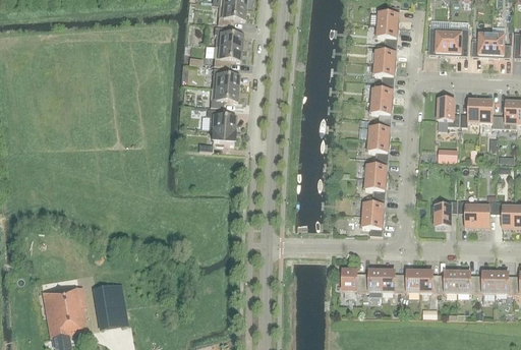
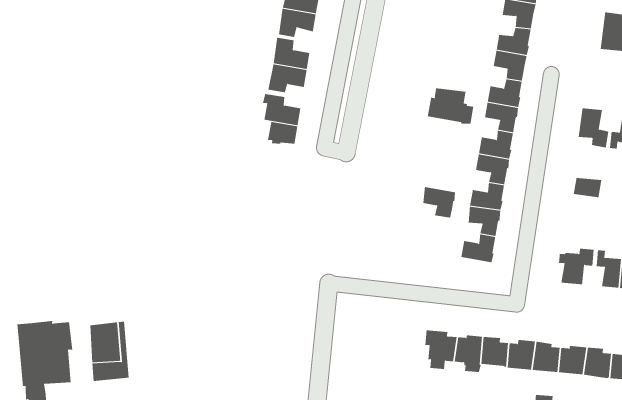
building: [428,25,449,54] -> none
building: none -> [427,88,474,124]
building: [360,214,384,235] -> [423,186,456,218]

